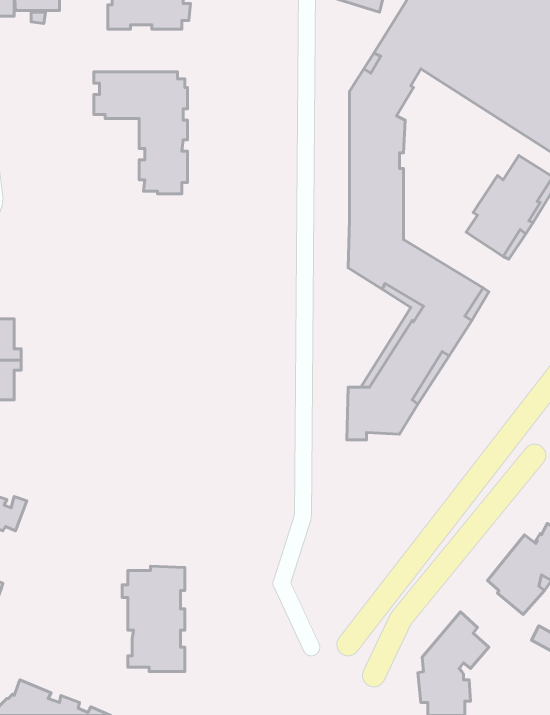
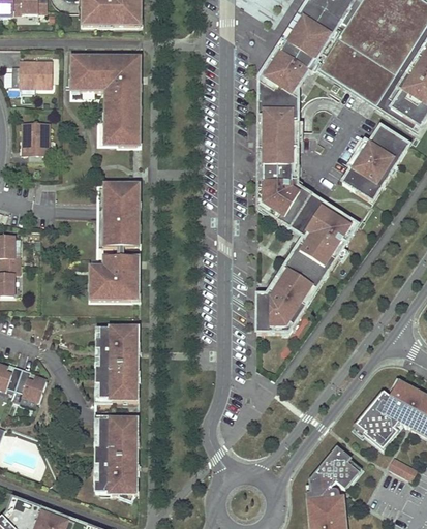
building: none -> [12,61,52,88]
building: none -> [23,123,50,162]
building: none -> [92,182,140,301]
building: none -> [92,328,139,400]
building: none -> [14,369,47,402]

